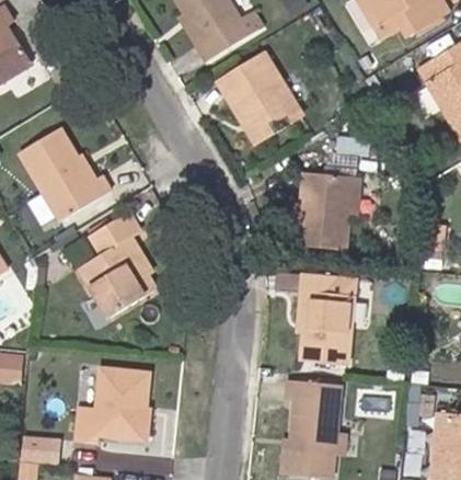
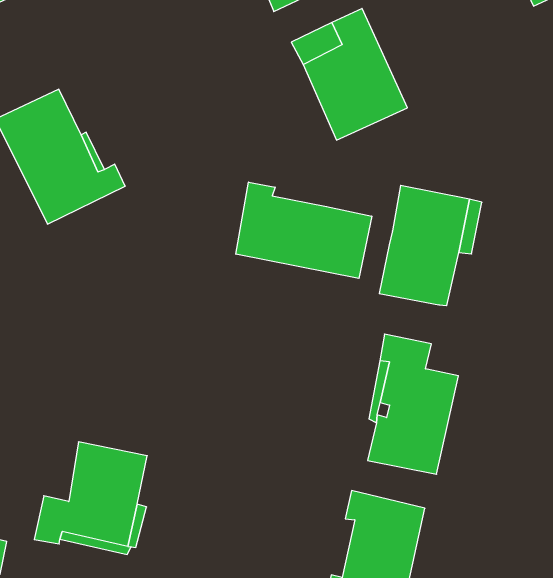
building: none -> [236,182,372,278]
building: [82,213,158,319] -> none

